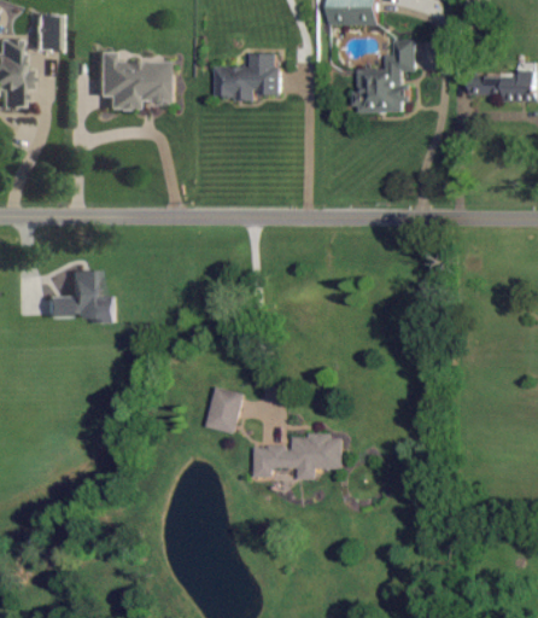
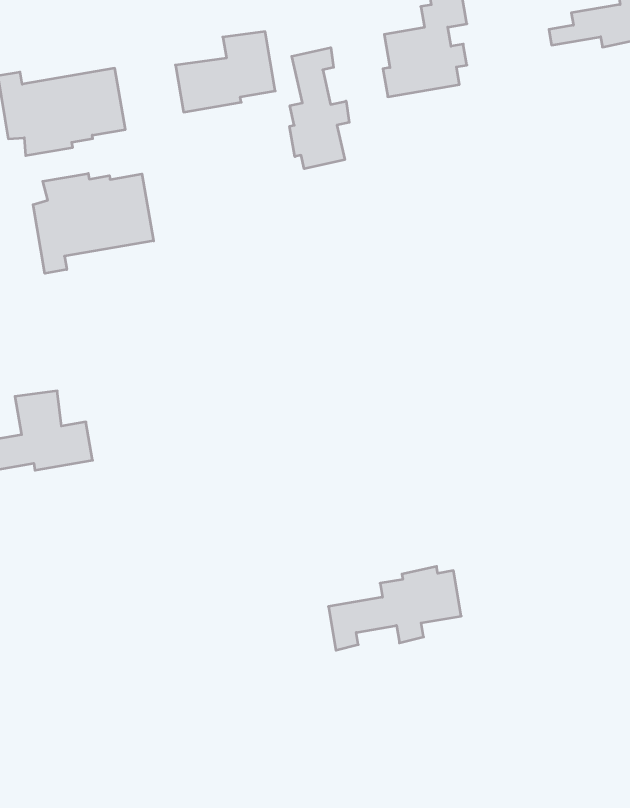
building: none -> [290,48,349,169]
building: none -> [33,173,154,273]
building: [206,385,245,432] -> none

